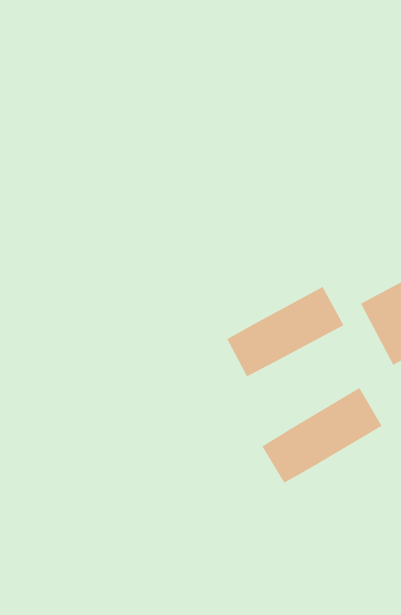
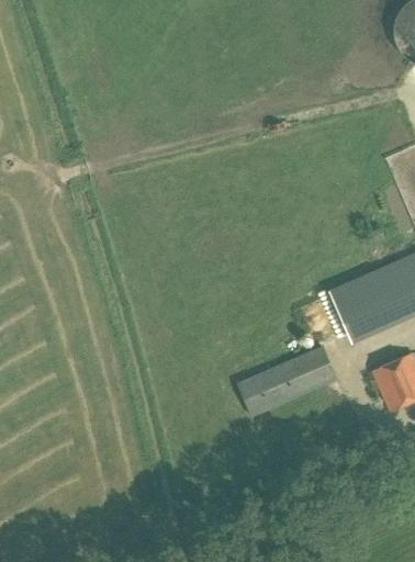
building: [227,286,344,377] -> none

